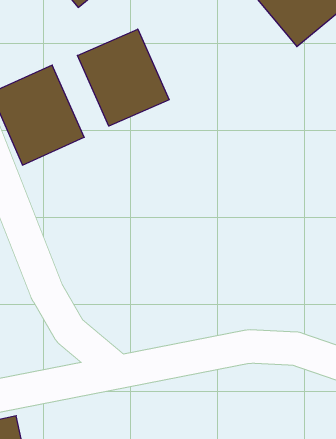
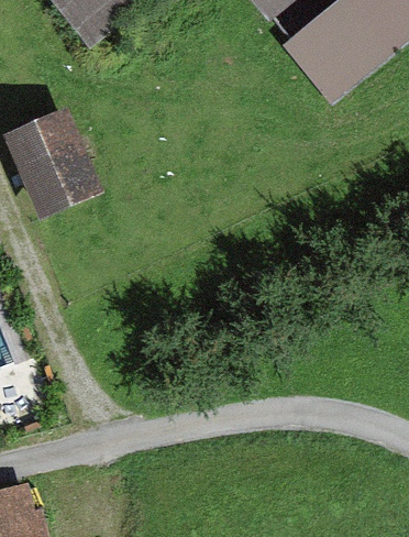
building: [77,29,169,126] -> none

